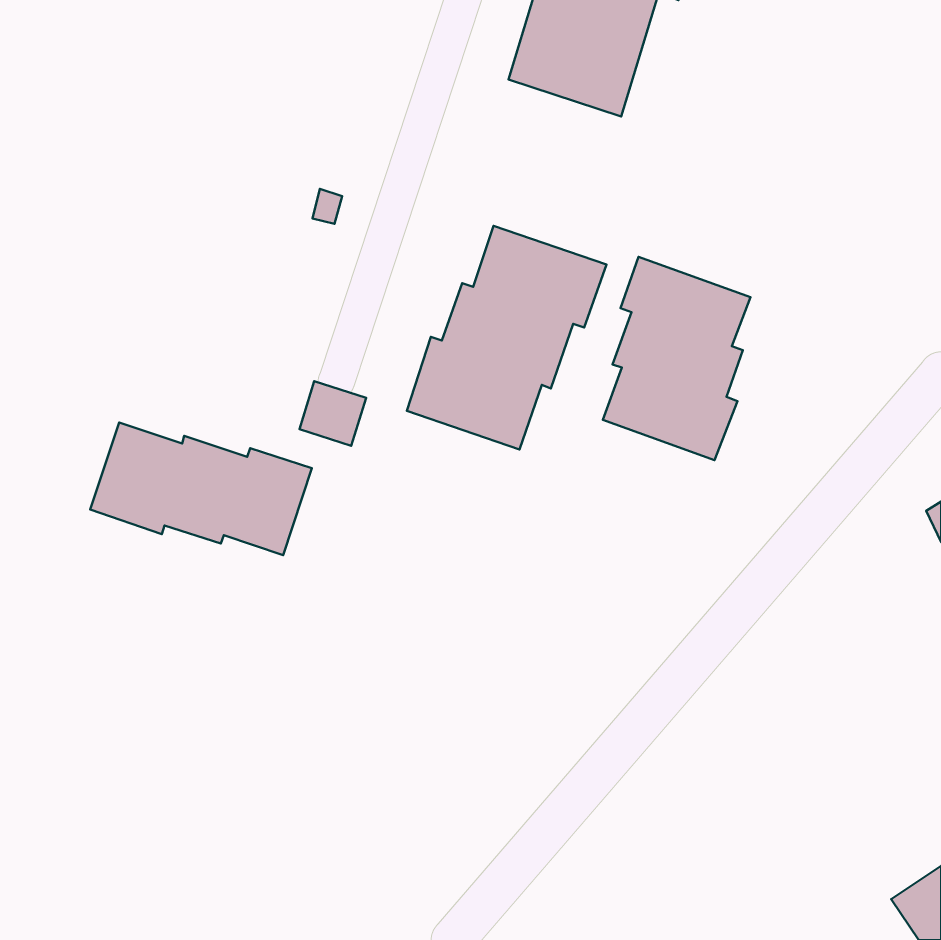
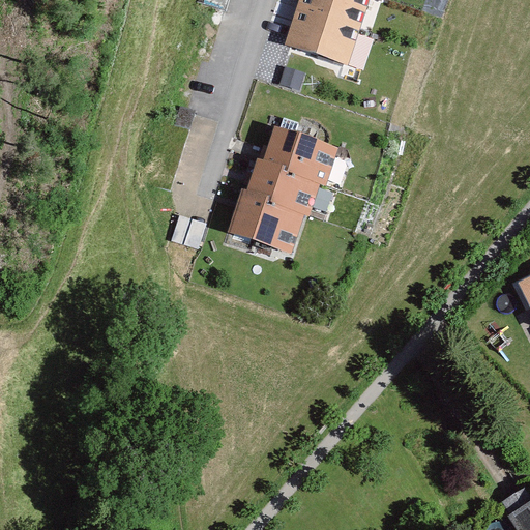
building: [603,257,750,460] -> none
building: [90,423,312,555] -> none

